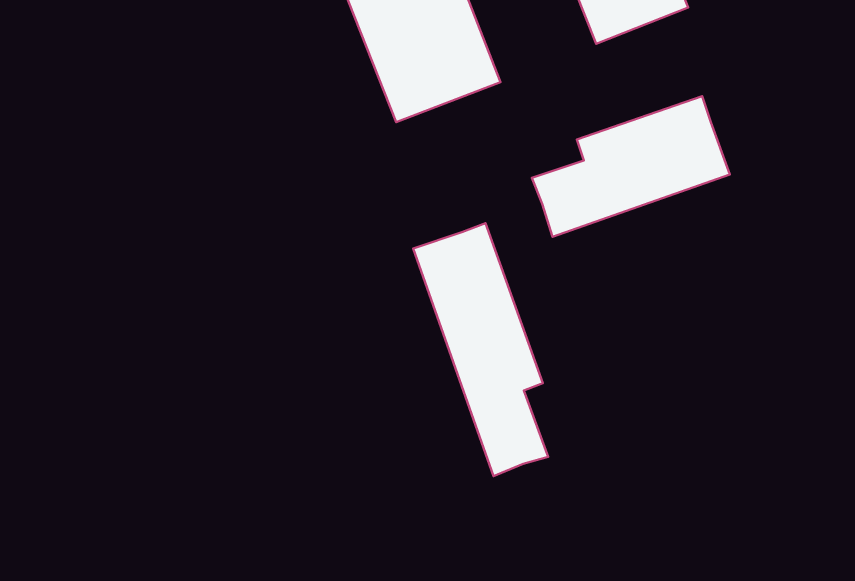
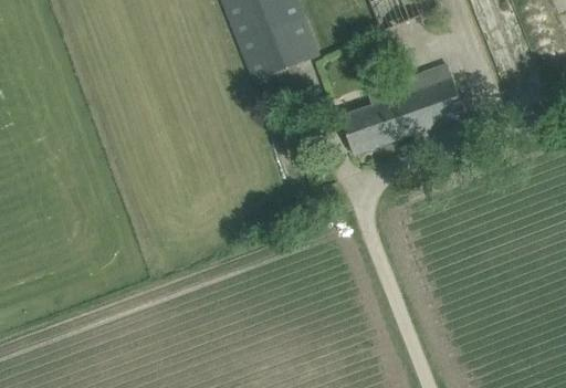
building: [413,223,548,476] -> none

